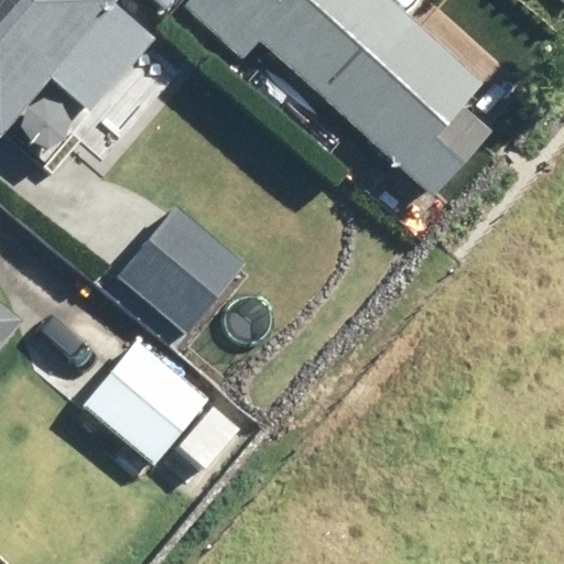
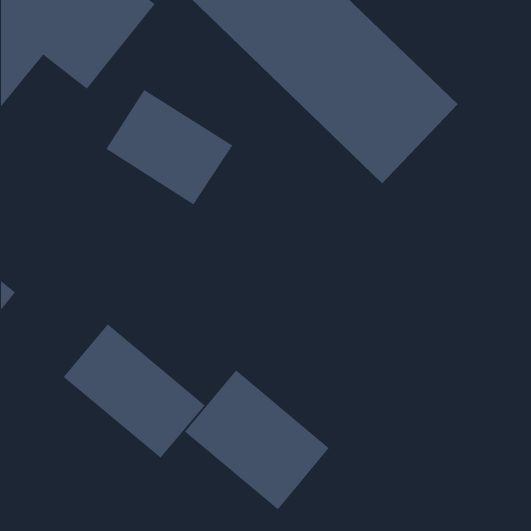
building: [130,210,262,330] -> [105,89,233,205]
building: none -> [184,370,330,510]

